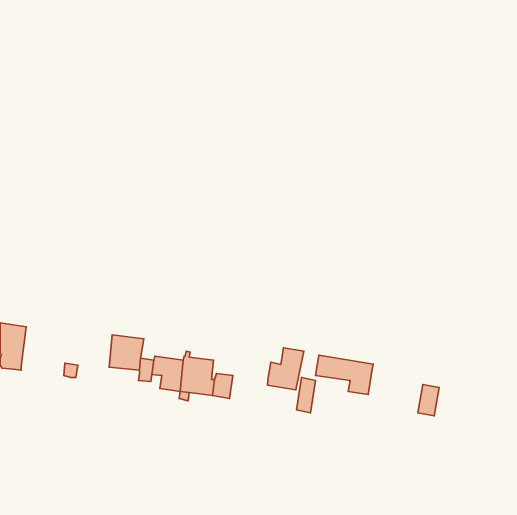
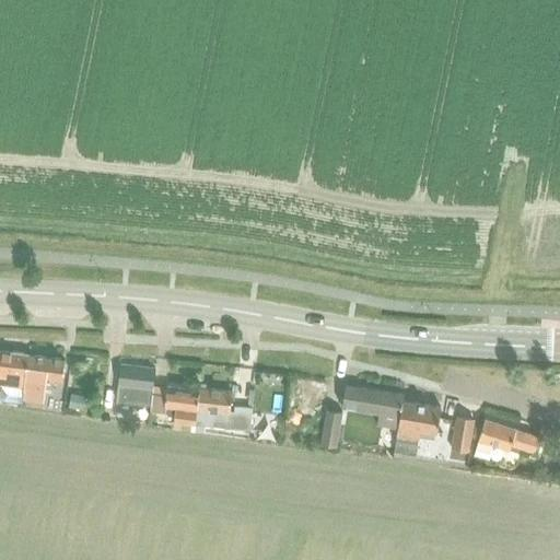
building: none -> [23,355,65,400]
building: [267,348,304,390] -> none
building: none -> [394,401,442,455]
building: none -> [472,420,539,458]

